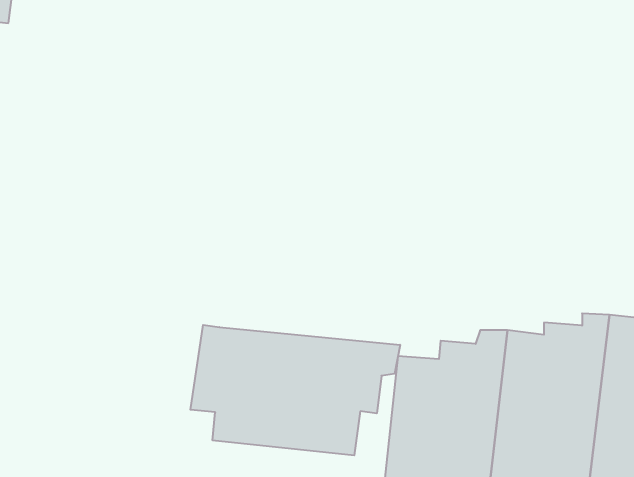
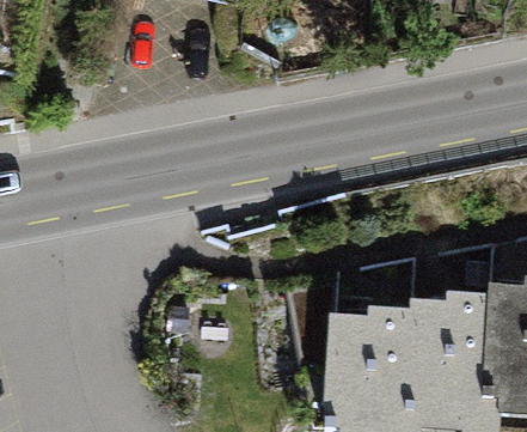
building: [190,325,400,455] -> none

